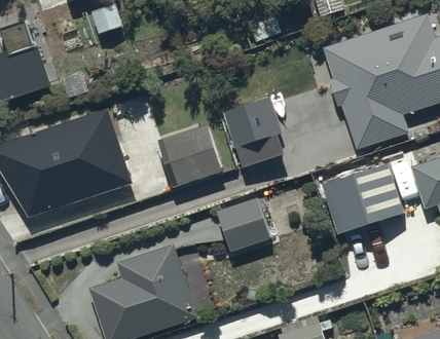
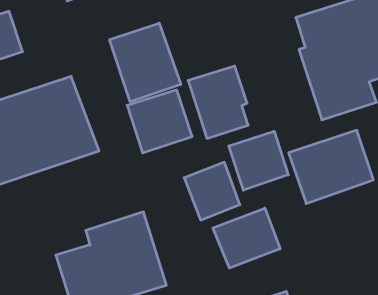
building: none -> [110,23,181,102]
building: none -> [229,131,288,190]
building: none -> [213,208,280,268]

